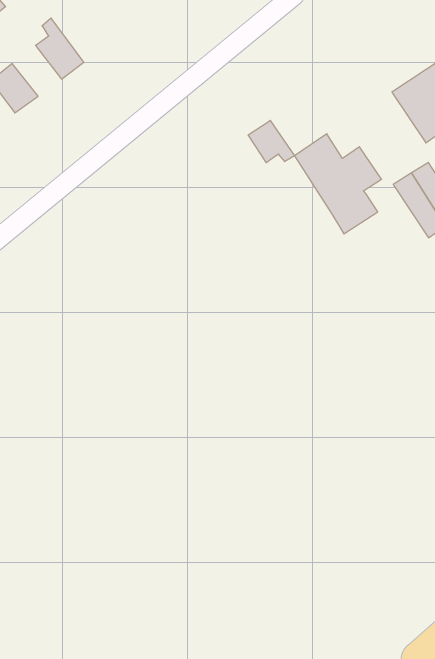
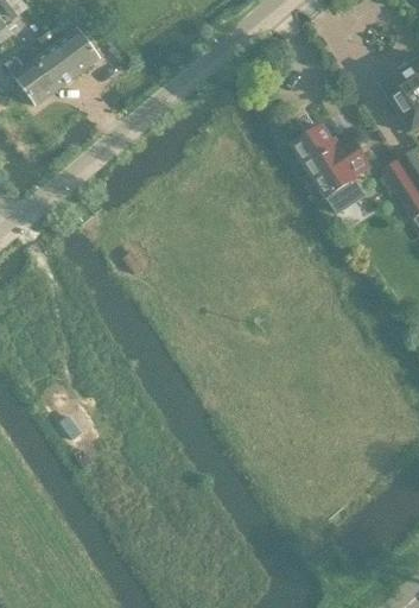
building: none -> [32,31,77,89]
building: [248,120,294,163] -> none

